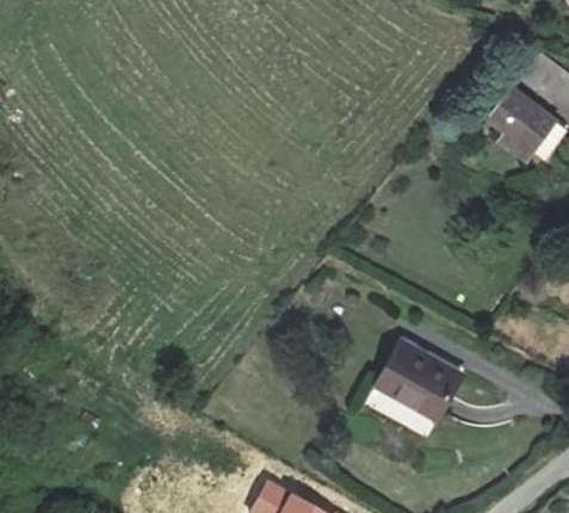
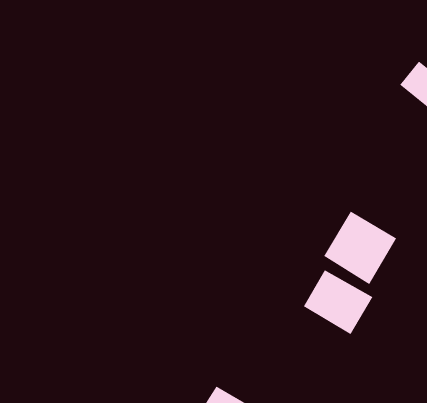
building: none -> [323,211,397,285]

